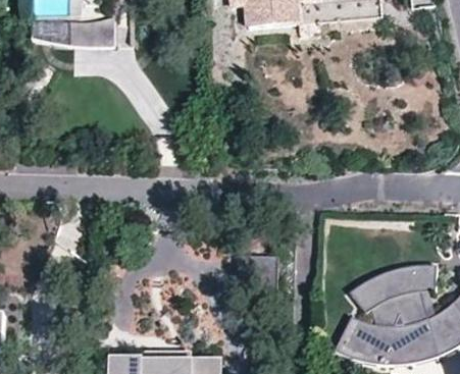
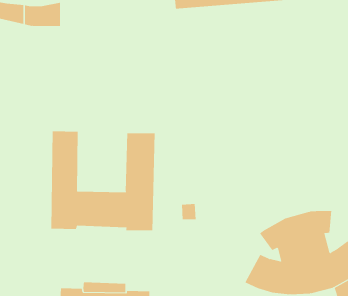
building: none -> [51,131,155,231]

